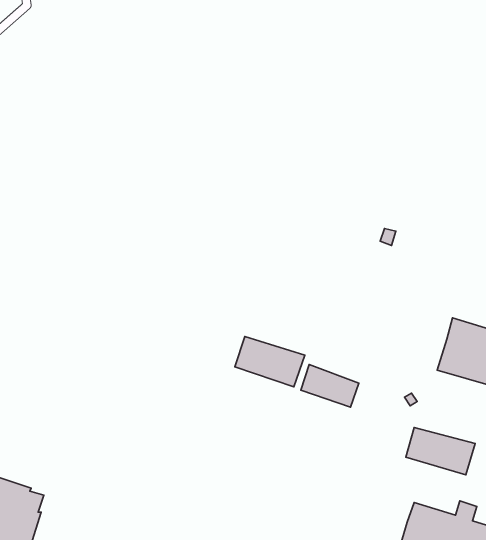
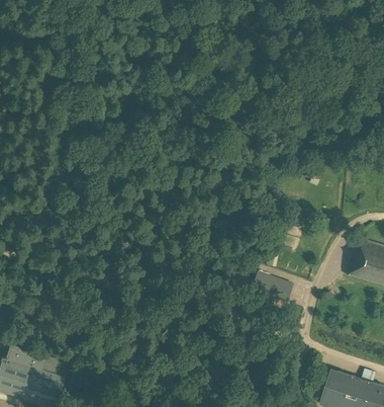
building: [235,337,305,387] -> none
building: [406,427,475,475] -> none

